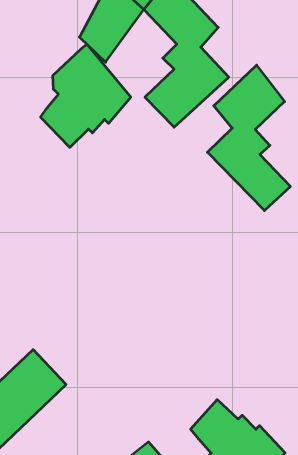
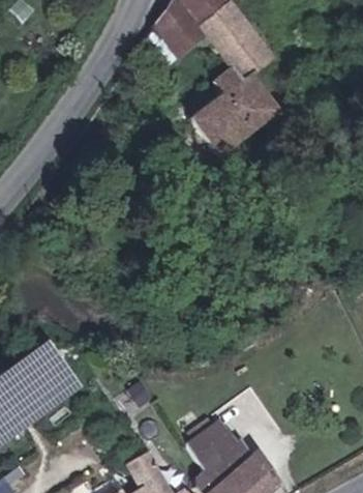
building: [41,44,131,147] -> none
building: [207,65,290,211] -> none

